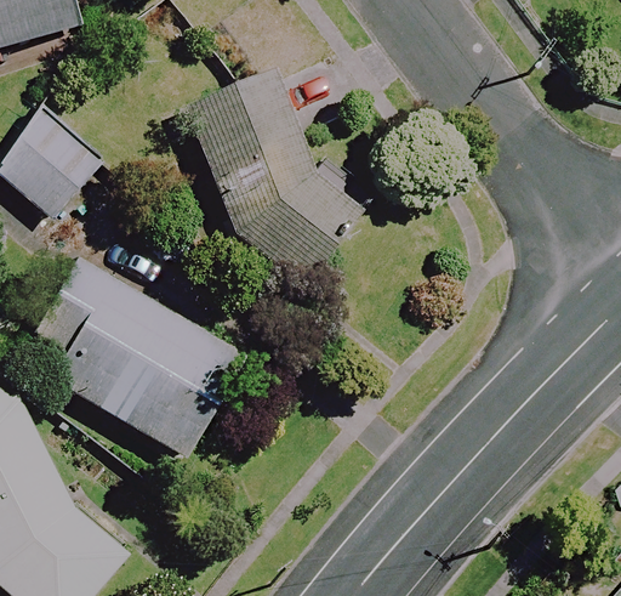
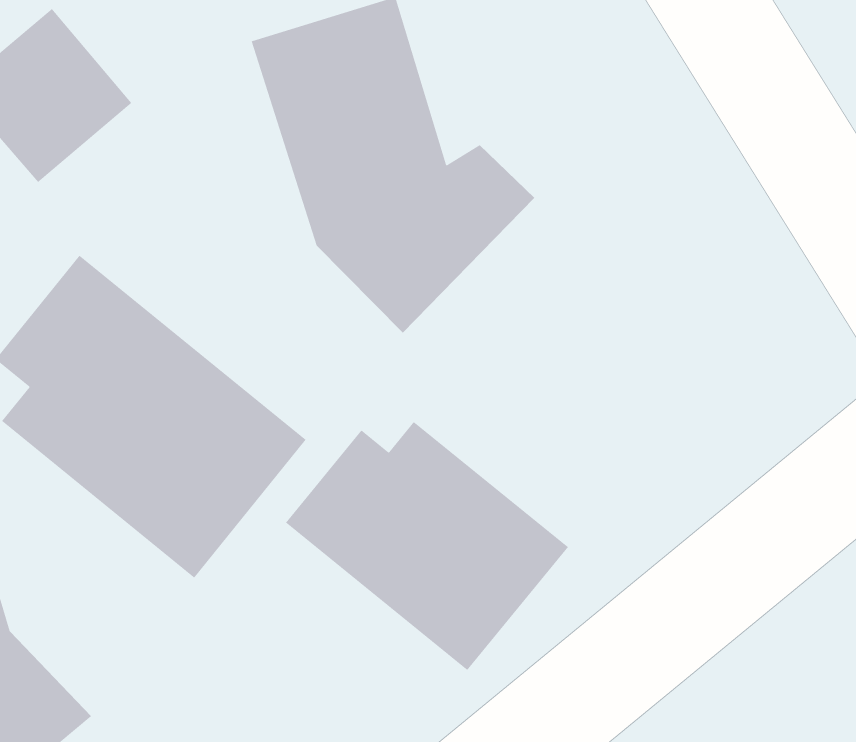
building: none -> [285,421,569,671]

